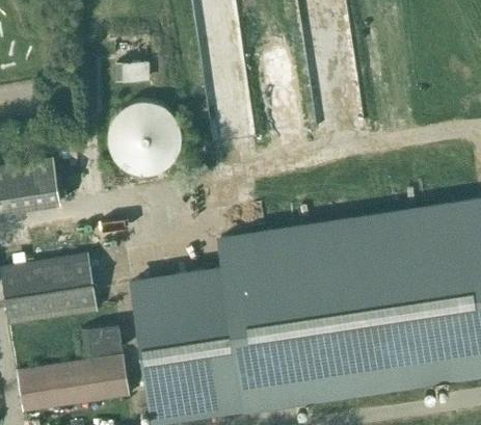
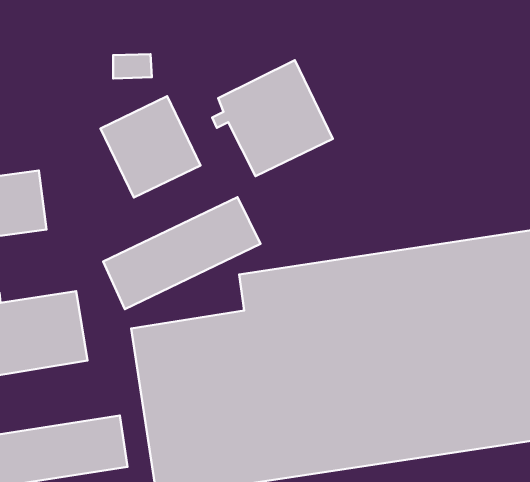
building: none -> [212,60,333,176]
building: none -> [103,197,260,309]
building: [78,320,121,355] -> none

